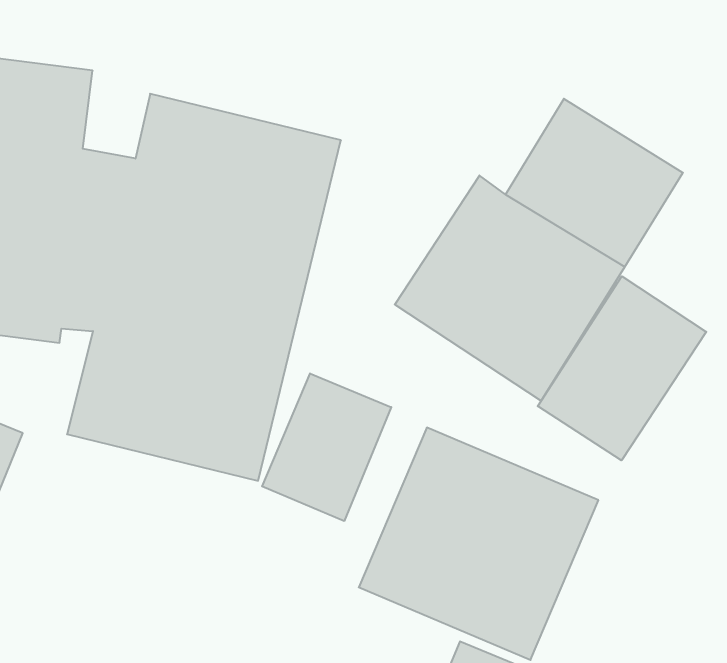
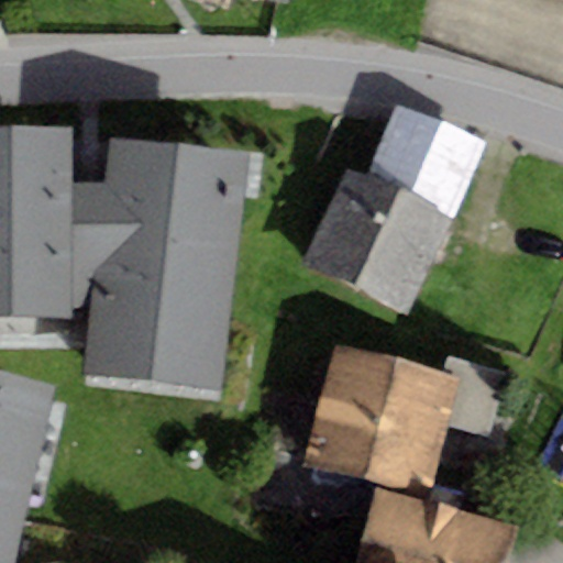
building: [538,276,706,460] -> none
building: [262,373,391,521] -> none

